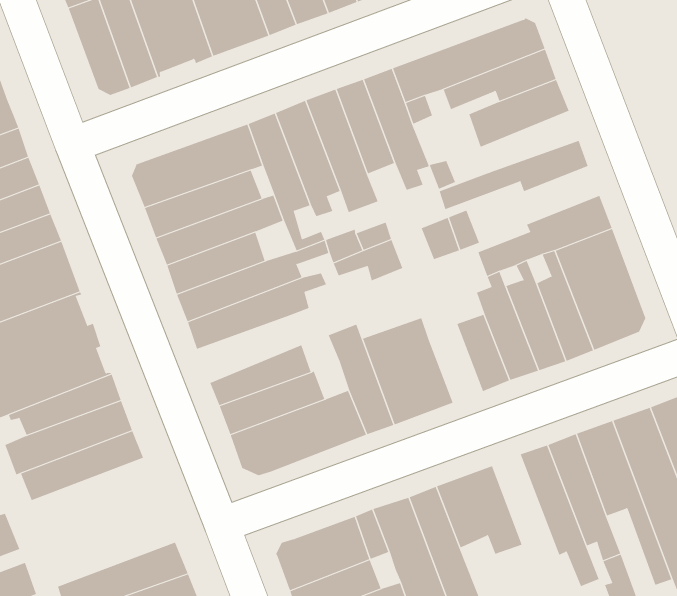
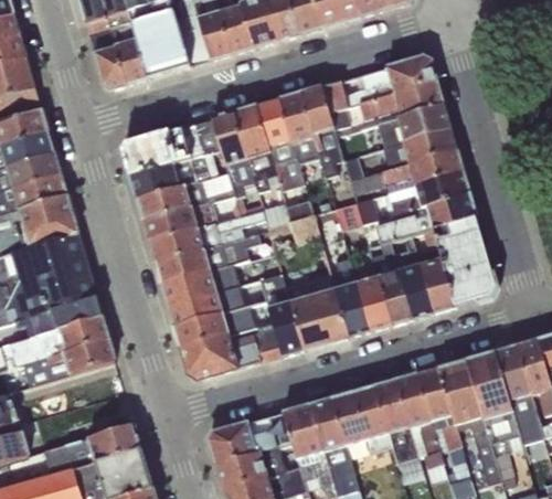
building: none -> [382,127,456,168]
building: none -> [381,169,468,215]
building: none -> [333,256,370,337]
building: none -> [160,263,238,308]
building: none -> [373,379,417,463]

